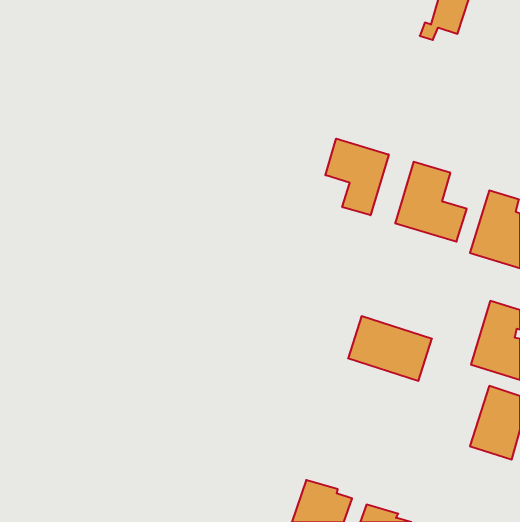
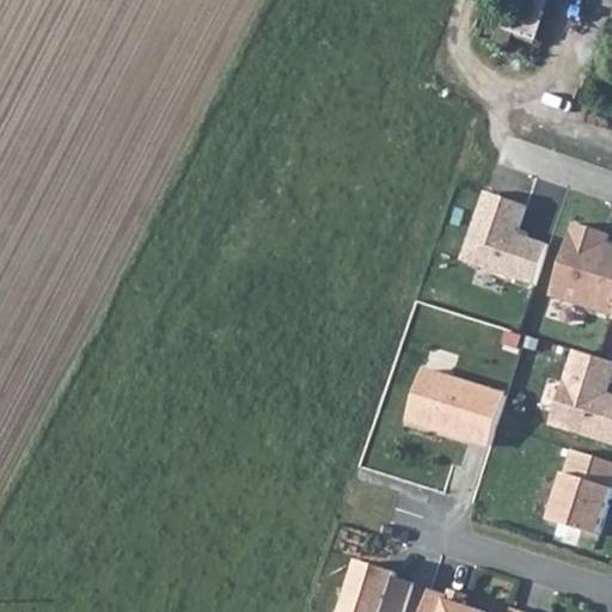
building: [325,139,389,215] -> none

